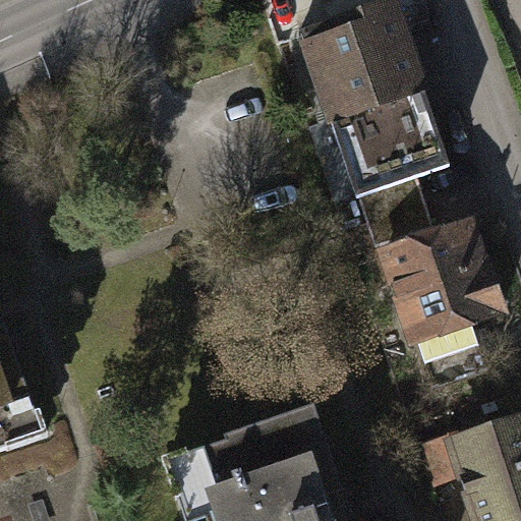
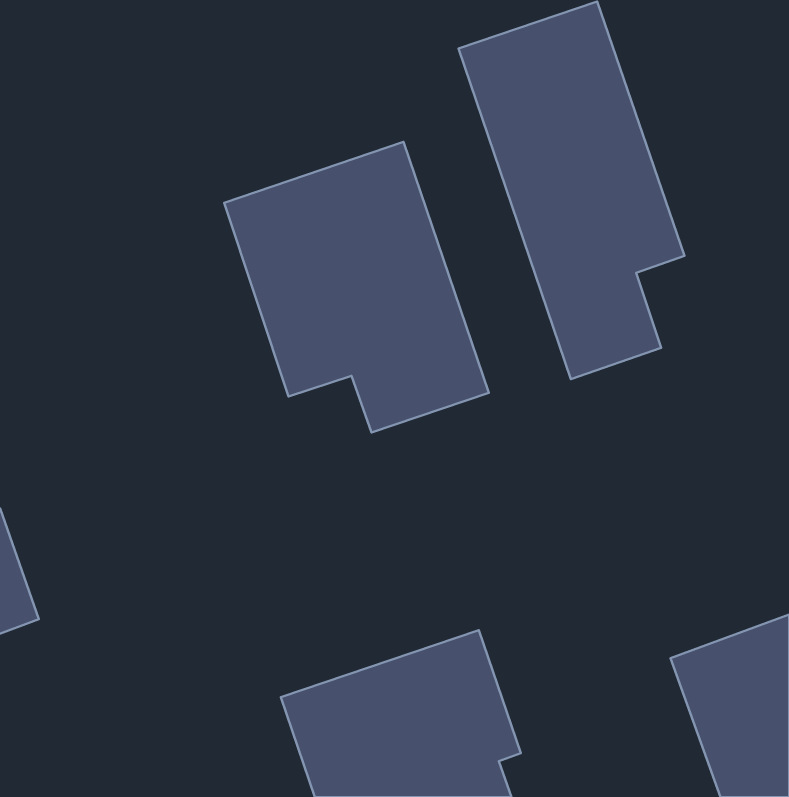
building: none -> [224,142,489,432]
building: [386,227,500,386] -> none

